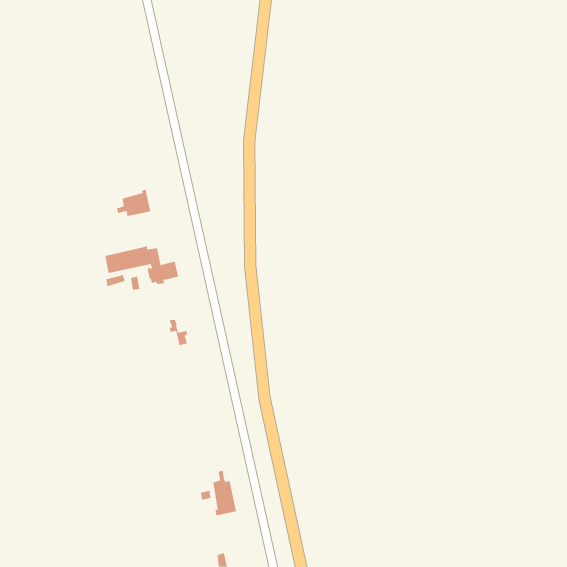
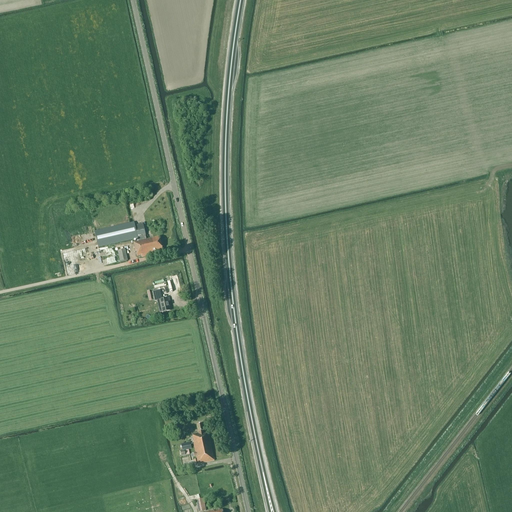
building: [117,189,151,217] -> none

